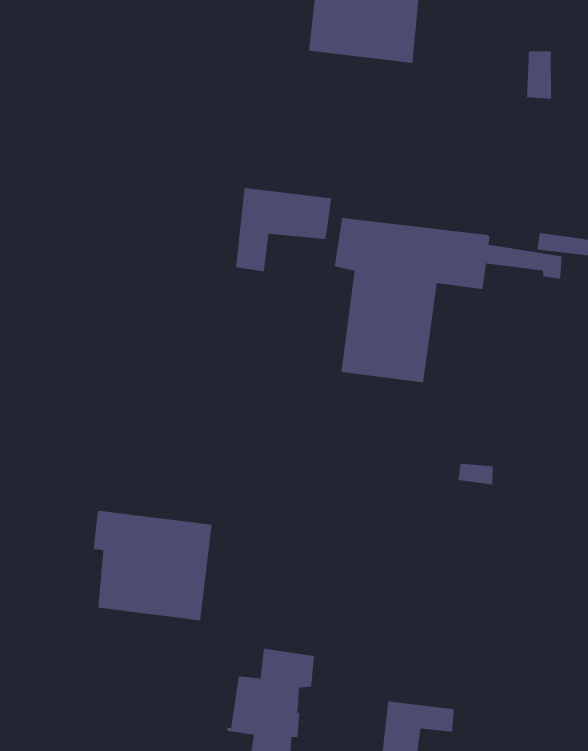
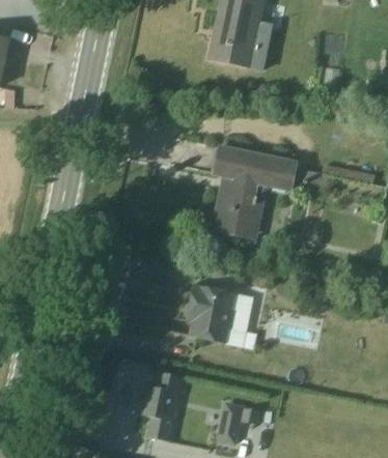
building: [235,187,332,272] -> none
building: [93,510,212,621] -> [189,283,253,346]

